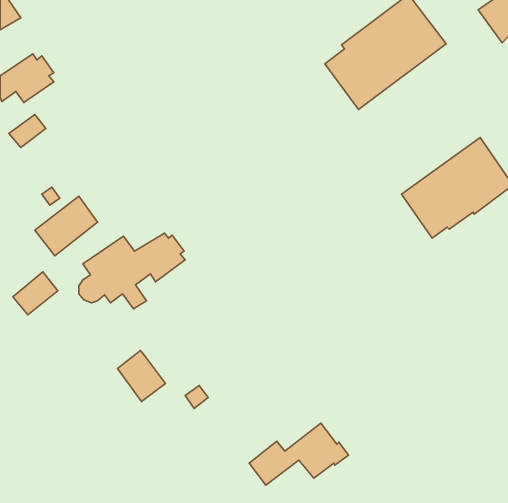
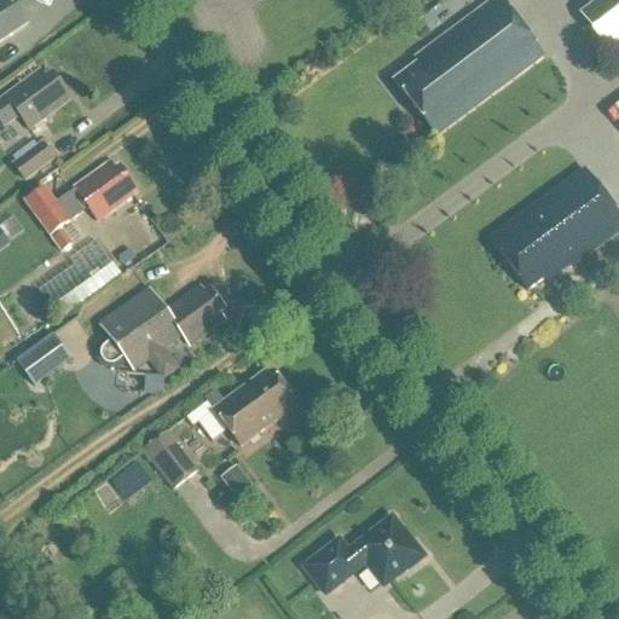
building: none -> [24,160,134,232]
building: none -> [184,364,299,444]

